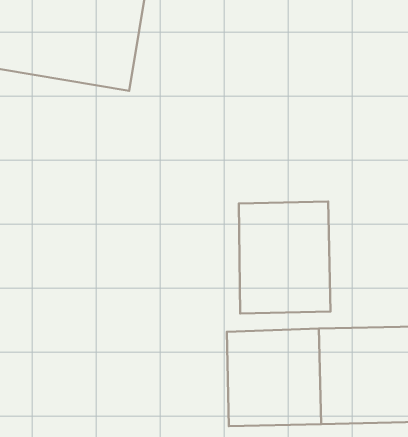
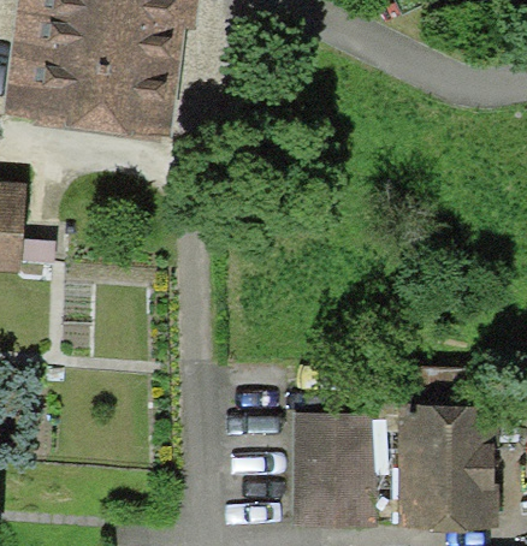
building: [239,201,331,314] -> none

